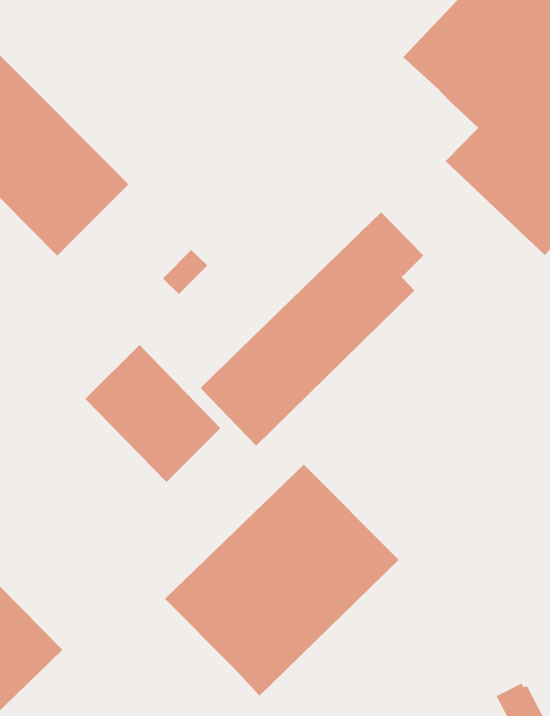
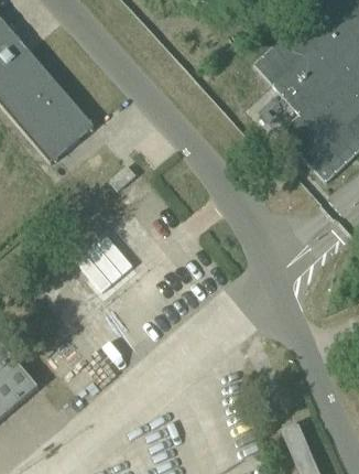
building: [200,211,424,446] -> none
building: [164,464,400,696] -> none

